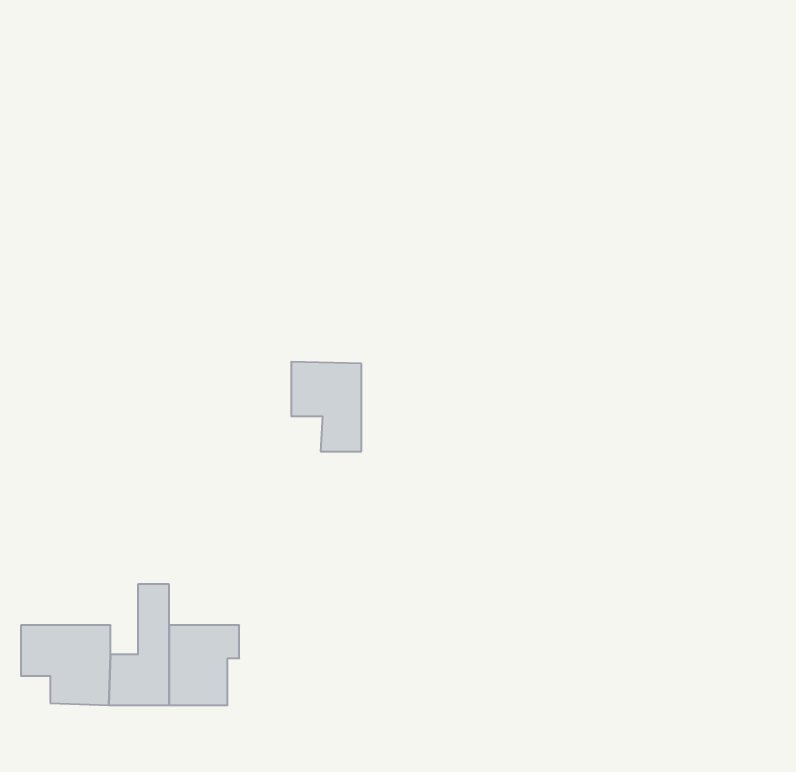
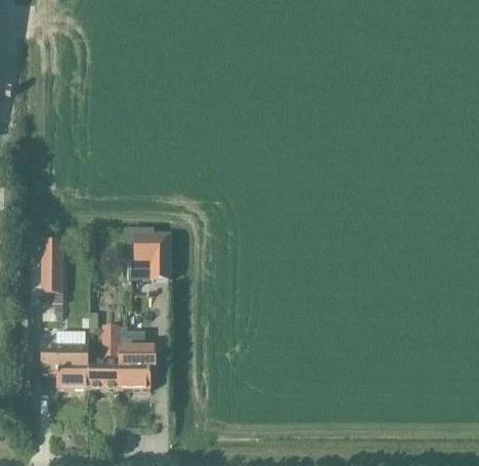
building: [291,362,361,451] -> [133,234,170,281]
building: none -> [41,238,61,314]

